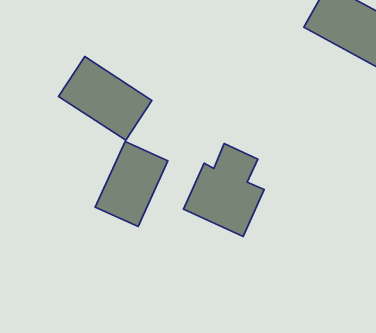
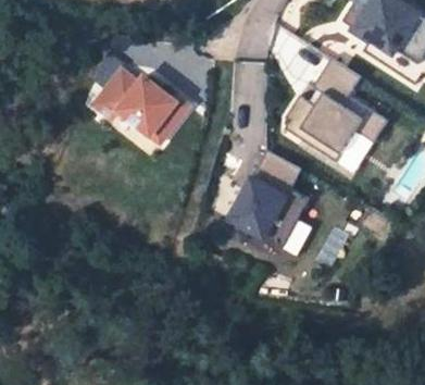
building: none -> [283,55,385,171]
building: [95,142,168,227] -> none

